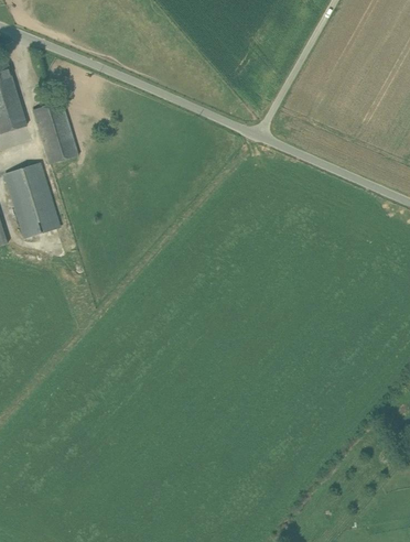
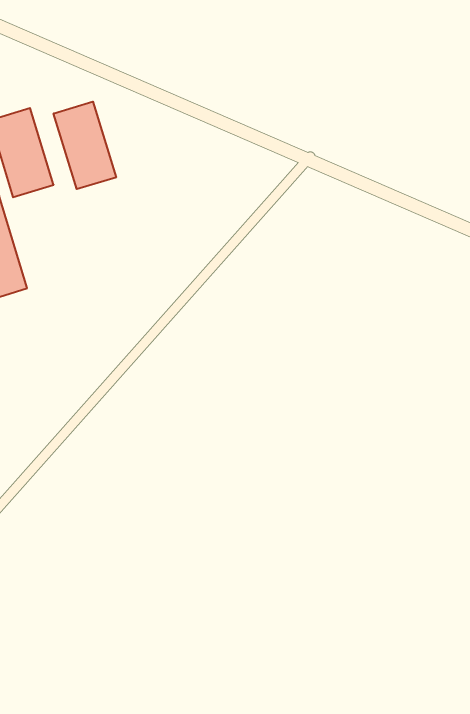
building: none -> [54,102,116,189]

